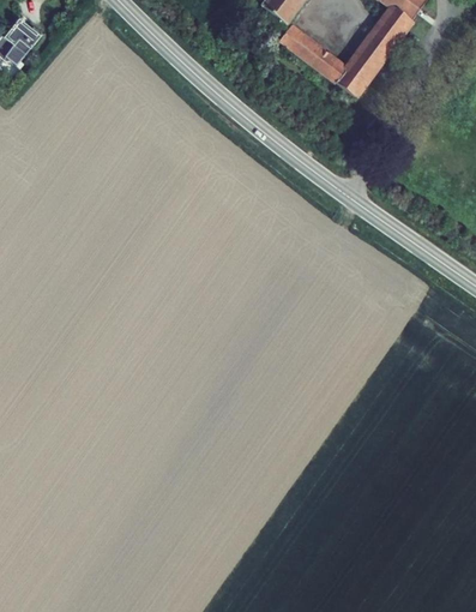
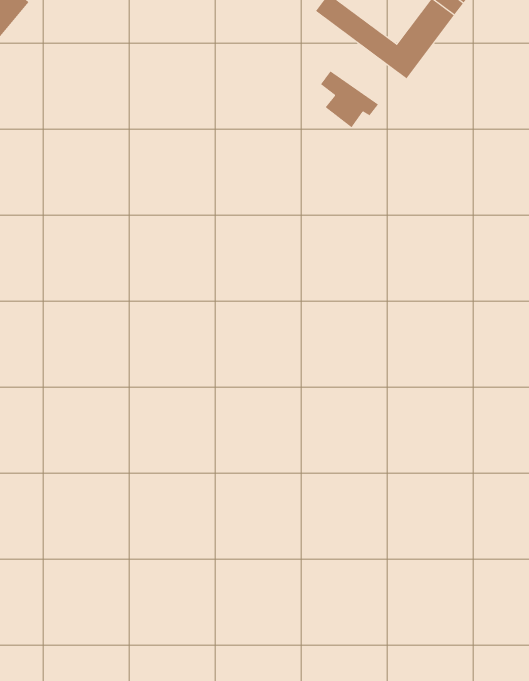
building: none -> [320,70,379,128]

